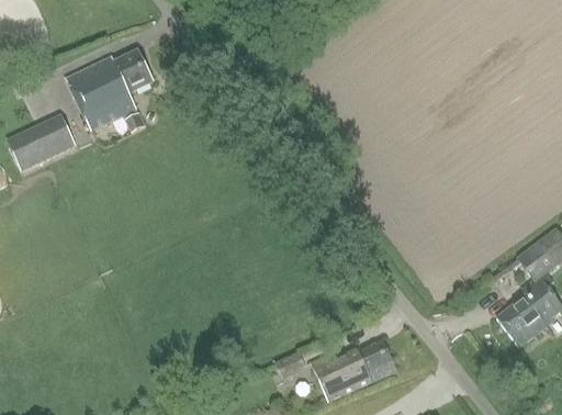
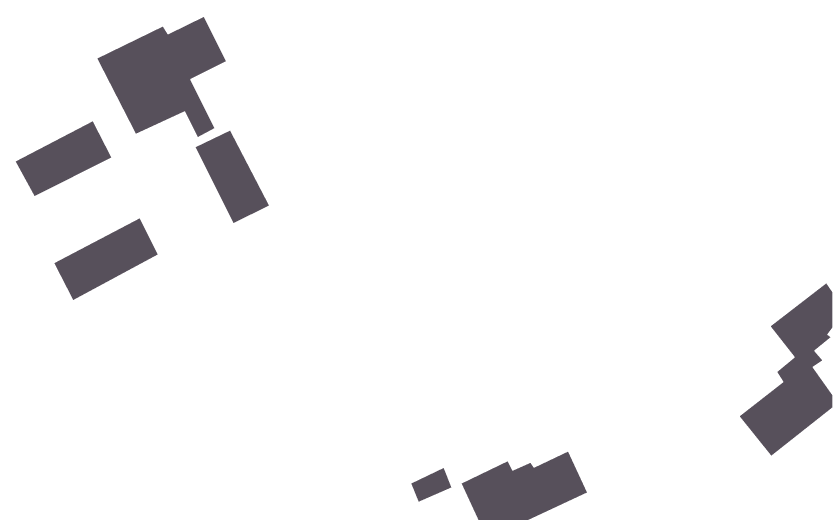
building: none -> [195,130,270,224]
building: none -> [53,217,159,301]

